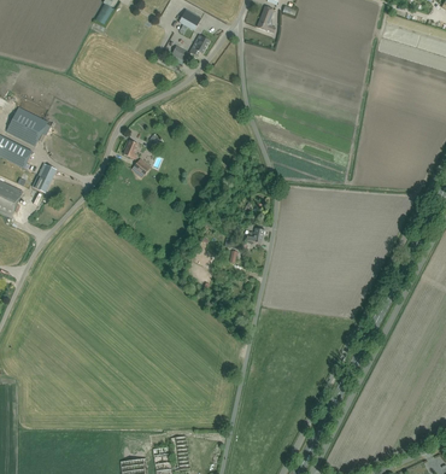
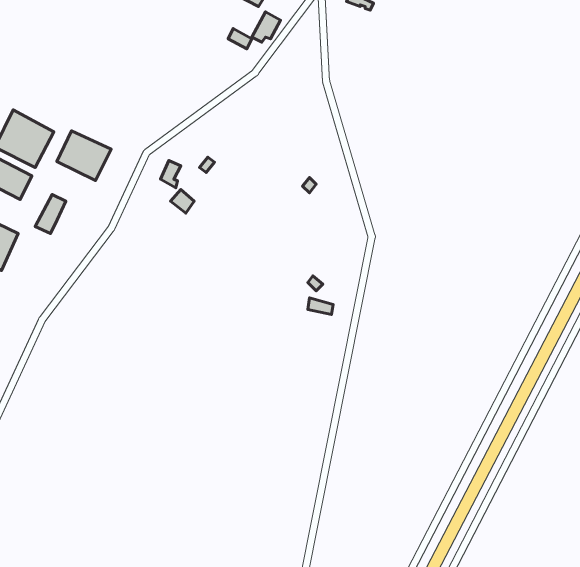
building: none -> [57,131,111,181]

